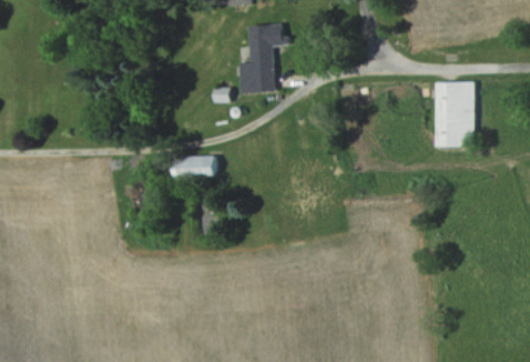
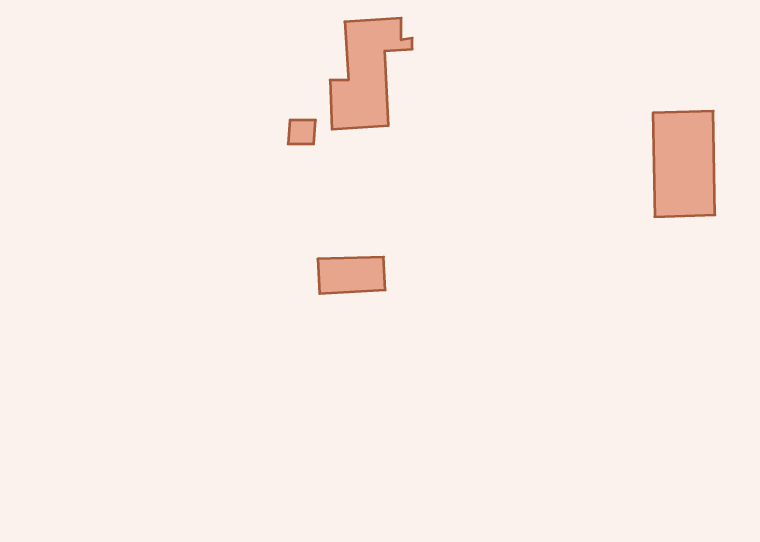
building: [175,155,216,178] -> [318,257,385,294]

